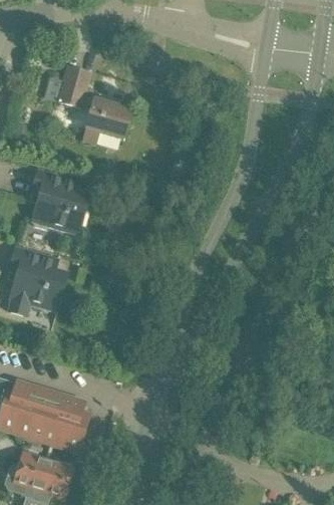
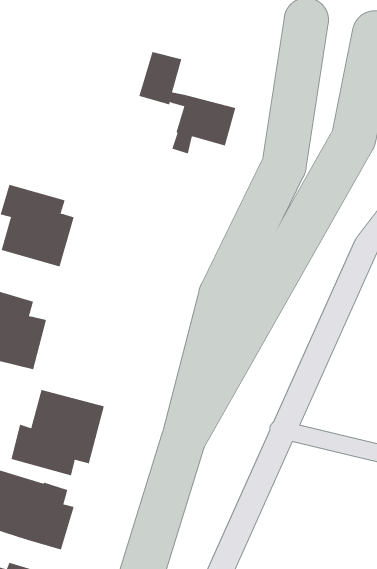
building: [57,66,131,145] -> [139,51,236,154]
building: none -> [11,389,105,476]

